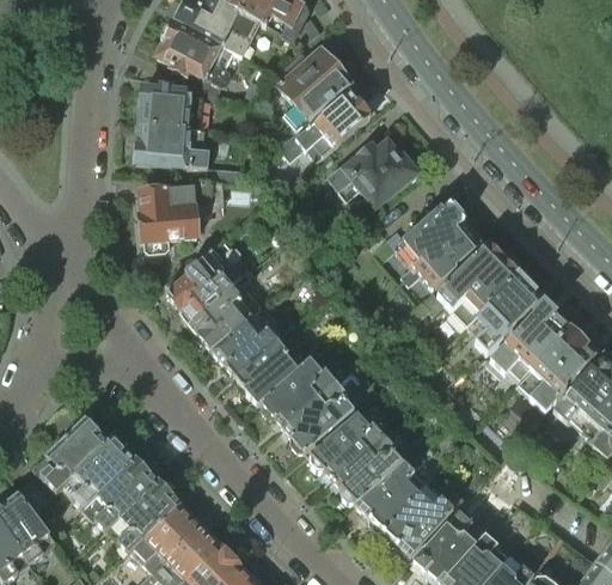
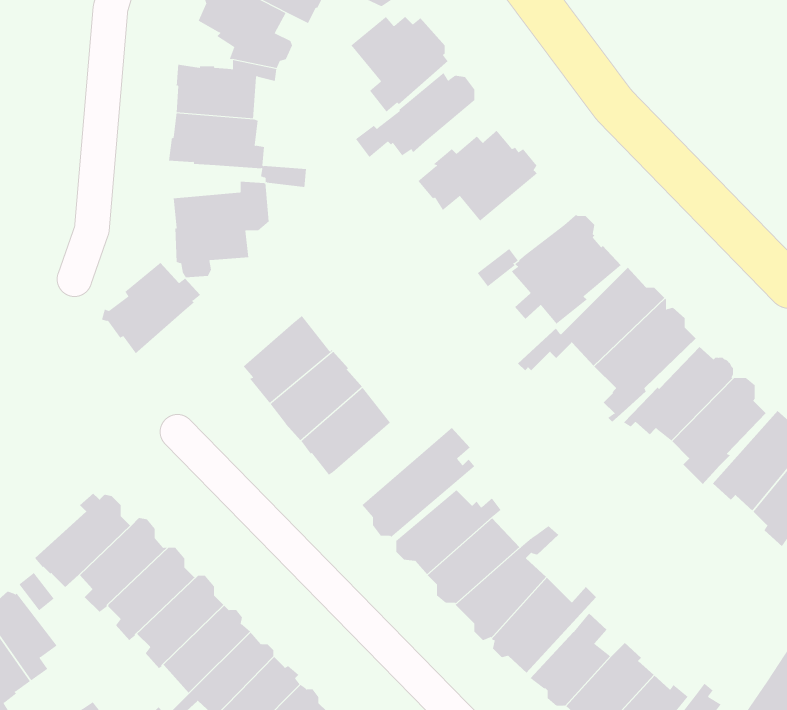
building: [166,250,243,321] -> [101,262,201,354]
building: [262,355,361,427] -> none

